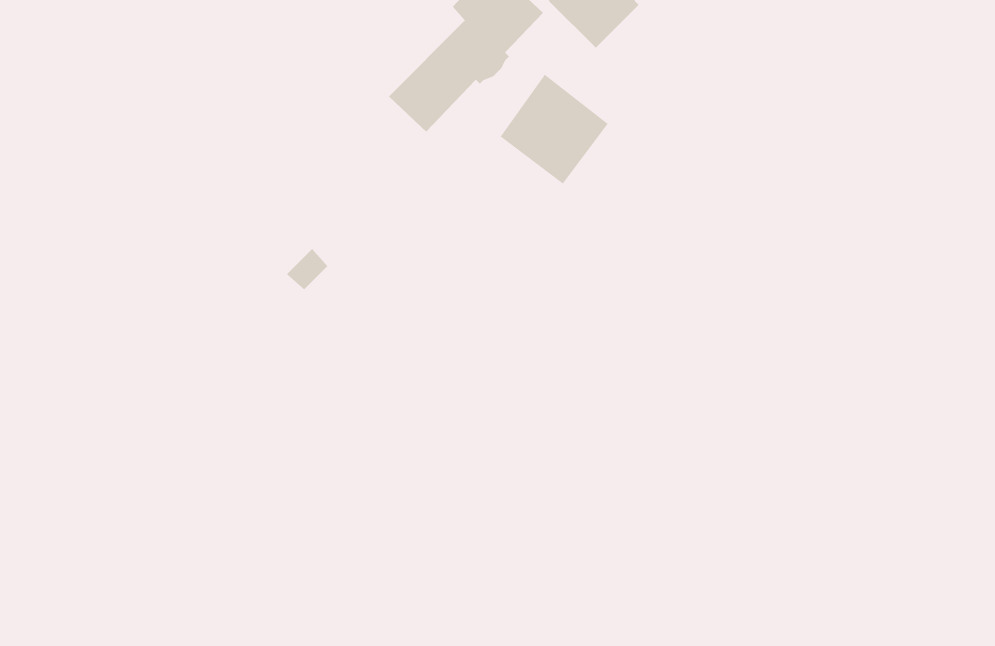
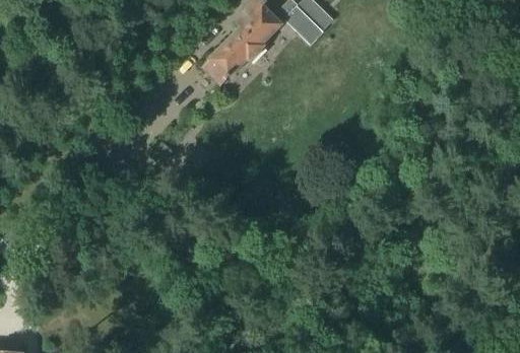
building: [500,74,609,184] -> none

